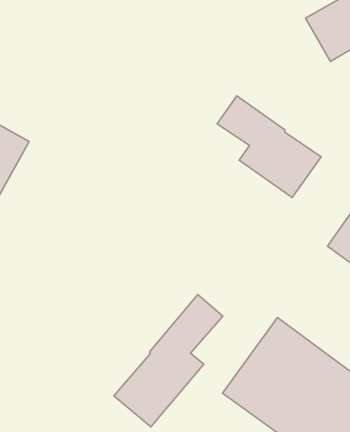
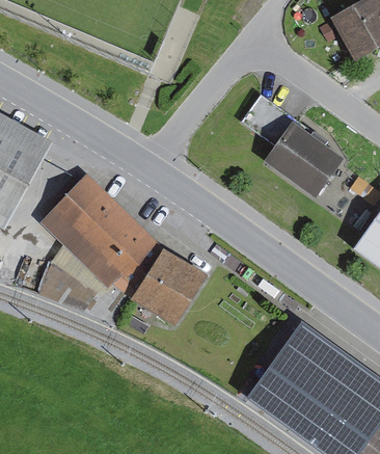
building: none -> [39,175,207,326]
building: [114,294,223,427] -> none

